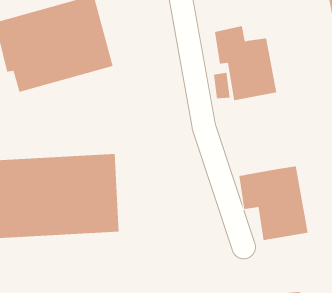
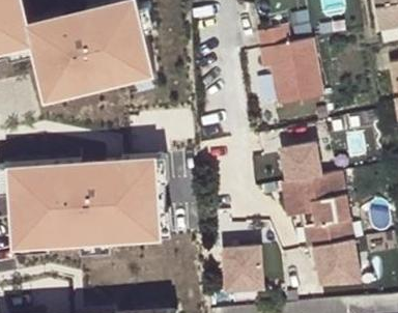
building: none -> [281,142,320,180]
building: none -> [311,239,359,284]
building: none -> [221,246,259,290]

